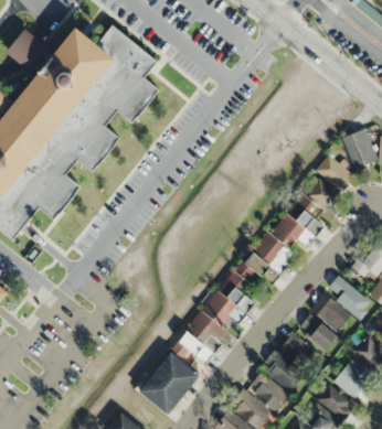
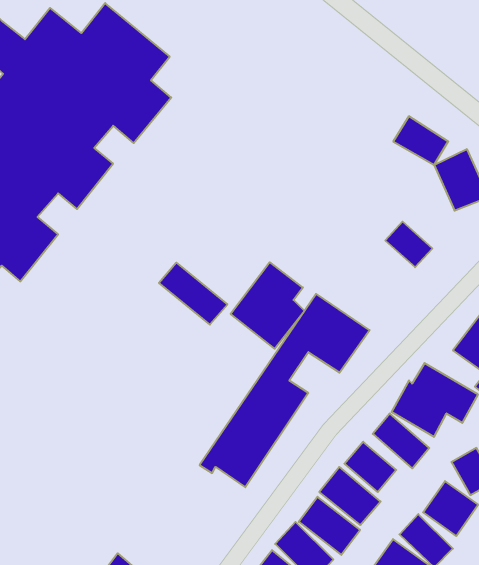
building: [315,154,353,189] -> [393,116,448,165]
building: [273,191,325,251] -> [231,262,304,349]
building: none -> [159,263,227,325]
building: [140,351,201,414] -> none

